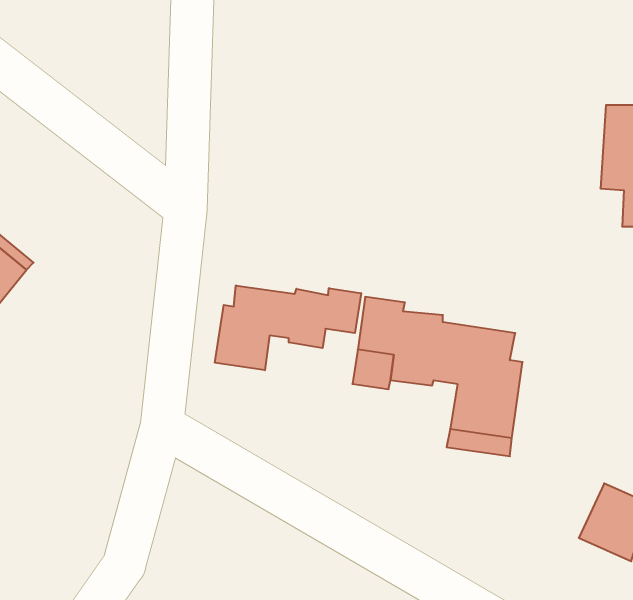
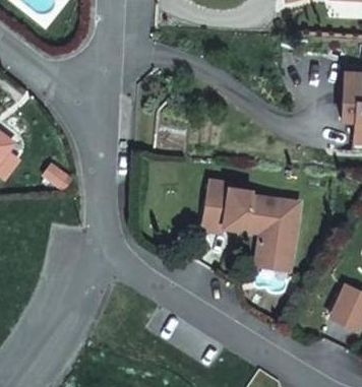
building: [215,285,361,370] -> none

